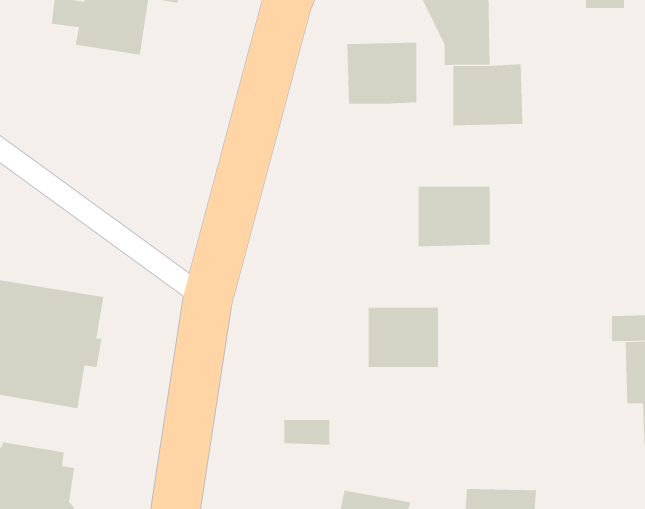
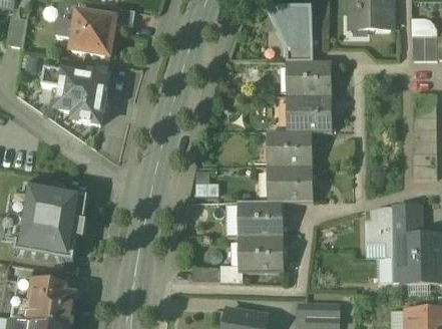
building: [346,42,417,104] -> [290,94,331,130]
building: none -> [41,66,107,122]
building: none -> [270,164,313,201]
building: none -> [241,236,283,271]

